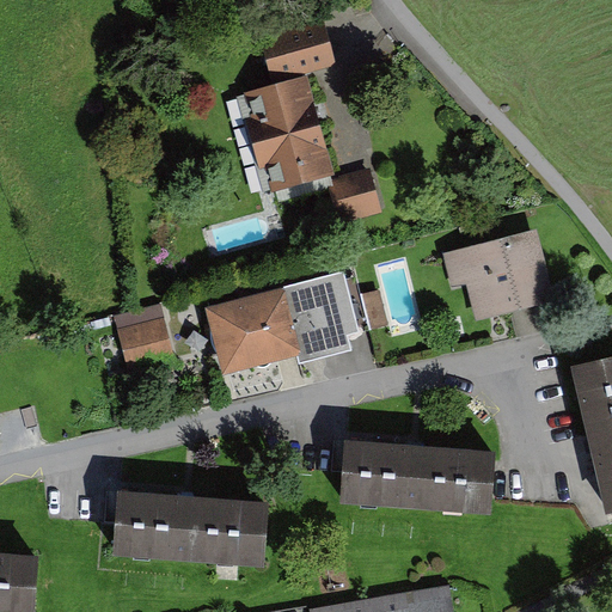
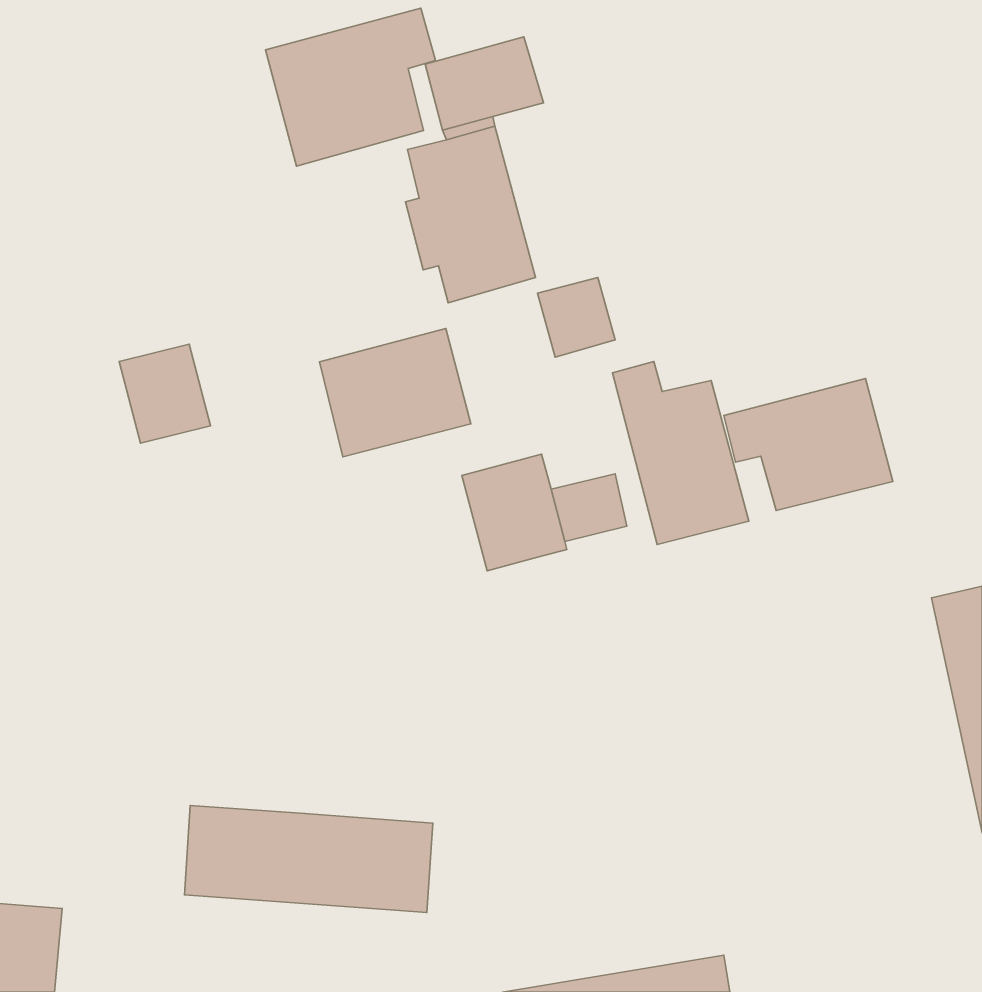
building: none -> [266,8,435,166]
building: none -> [612,361,749,544]
building: [207,293,300,372] -> [320,329,471,457]
building: [117,306,173,367] -> [119,344,210,443]
building: [341,445,494,510] -> none

